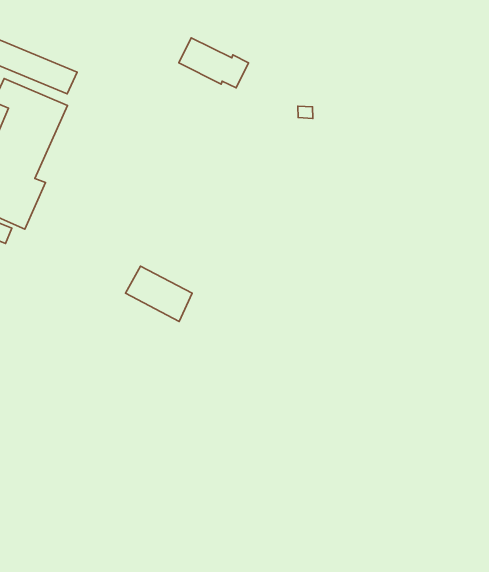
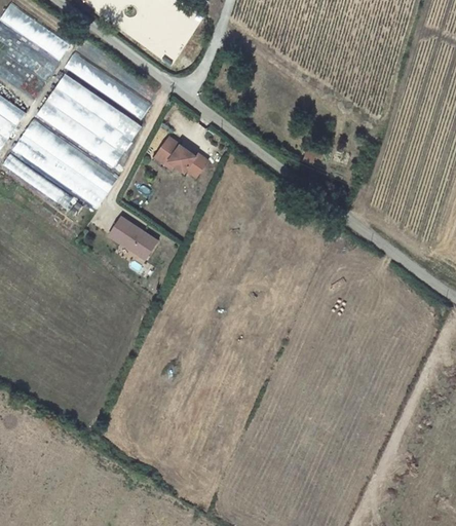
building: [179,38,248,88] -> [157,139,206,179]
building: [126,266,192,321] -> [108,217,155,260]

